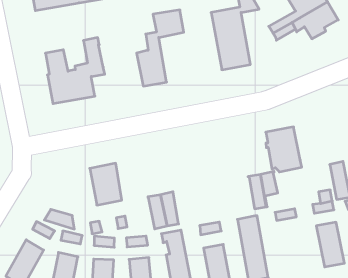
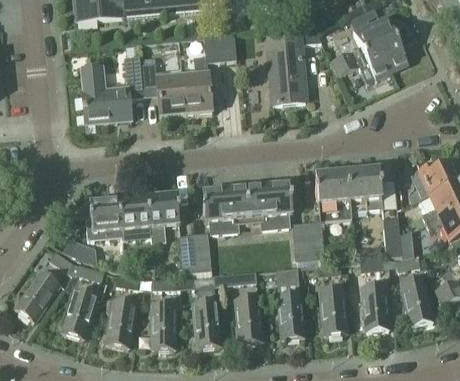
building: none -> [141,61,186,115]
building: none -> [347,169,383,209]
building: none -> [203,181,293,231]
building: none -> [148,192,180,241]
building: none -> [85,197,123,239]
building: none -> [320,286,346,333]

